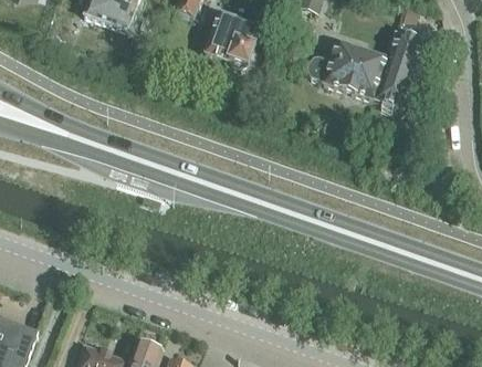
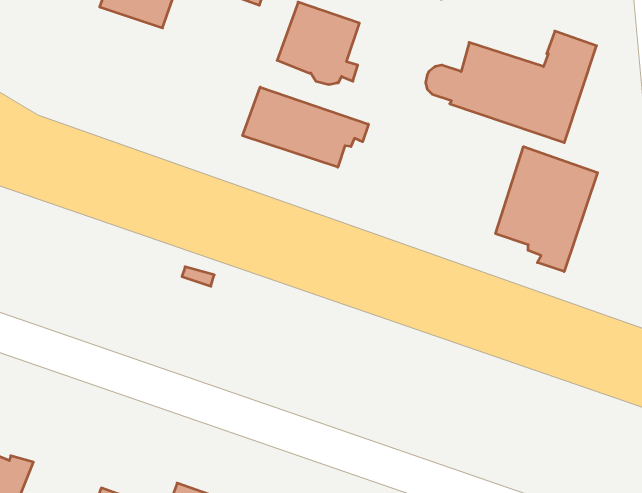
building: none -> [243,87,368,167]
building: none -> [496,147,598,272]

